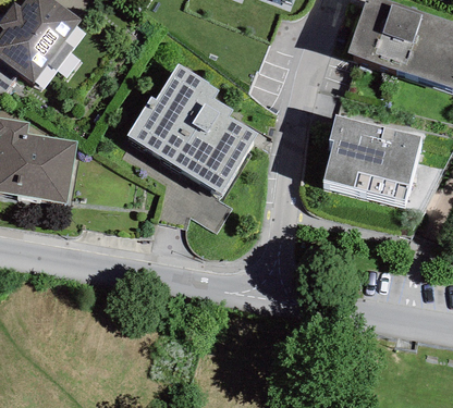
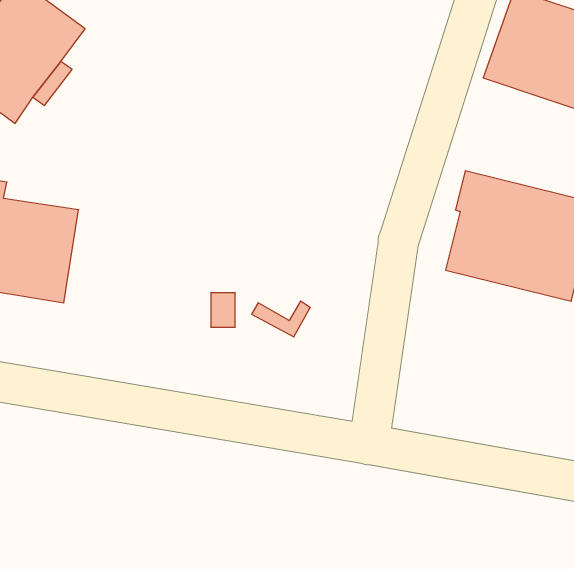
building: [125,63,259,195] -> none

